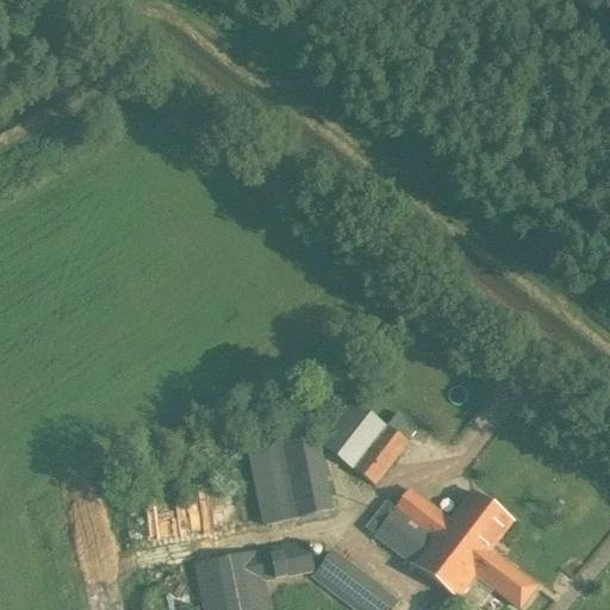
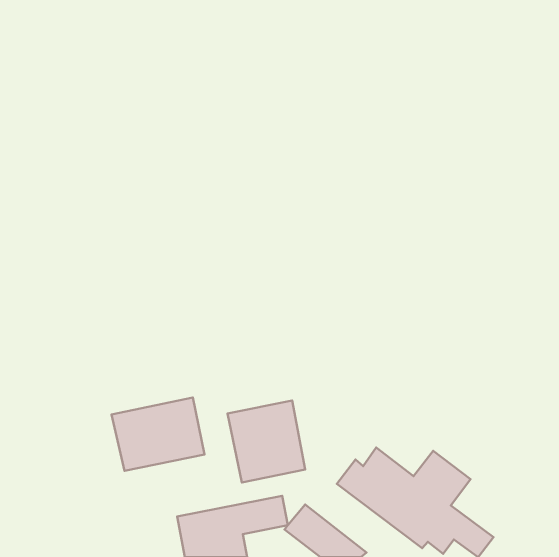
building: [320,399,409,484] -> none
building: none -> [112,397,204,471]

